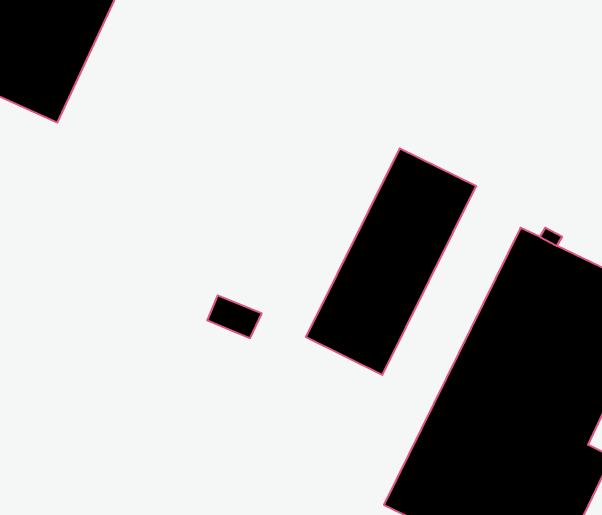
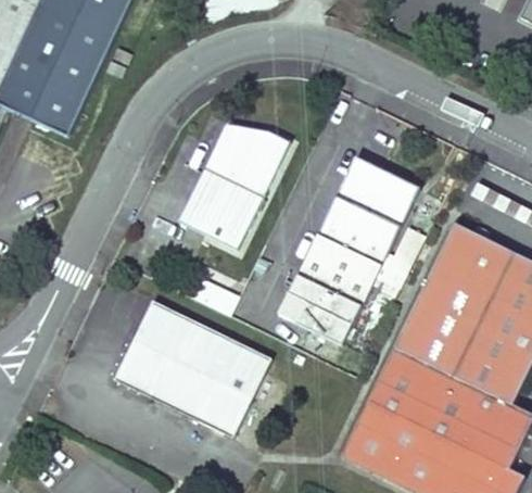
building: none -> [178,125,290,249]
building: none -> [122,300,271,437]

